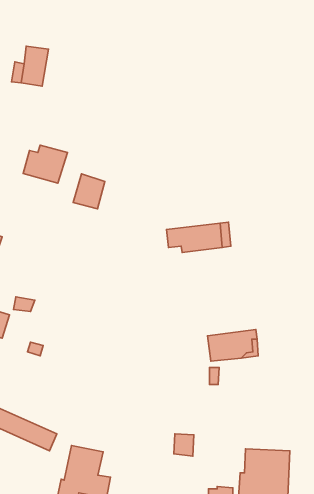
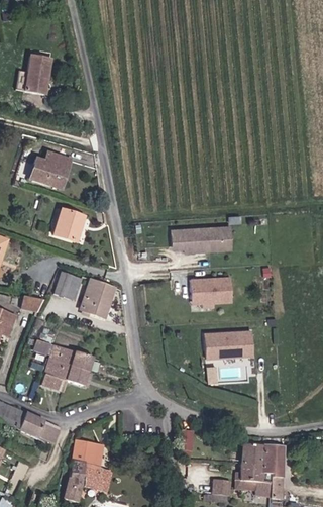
building: [73,174,105,209] -> [53,208,84,241]
building: none -> [55,272,83,300]
building: none -> [189,276,231,304]
building: none -> [81,278,115,318]
building: none -> [42,344,93,390]

